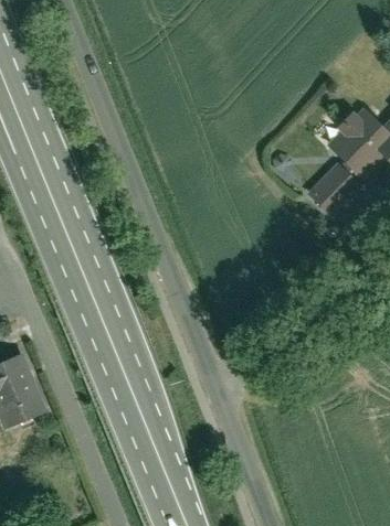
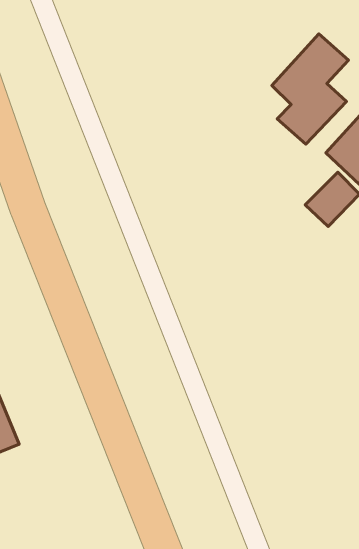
building: none -> [272,34,348,144]

